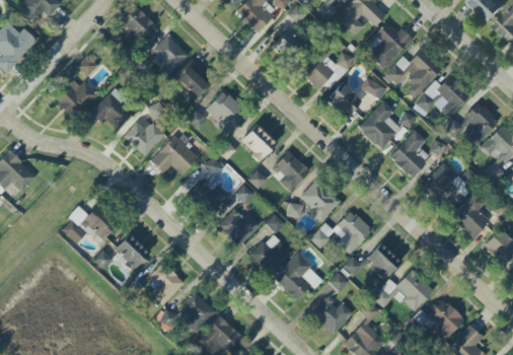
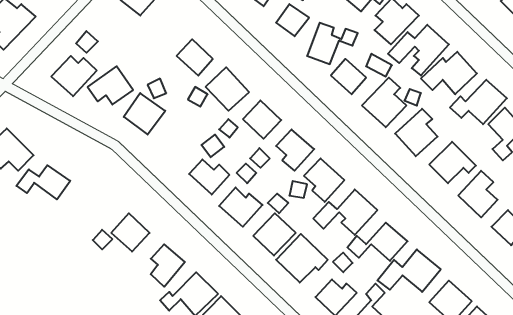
building: [148,34,188,74] -> none
building: [150,135,199,175] -> none
building: [64,207,117,240] -> [16,165,70,199]

